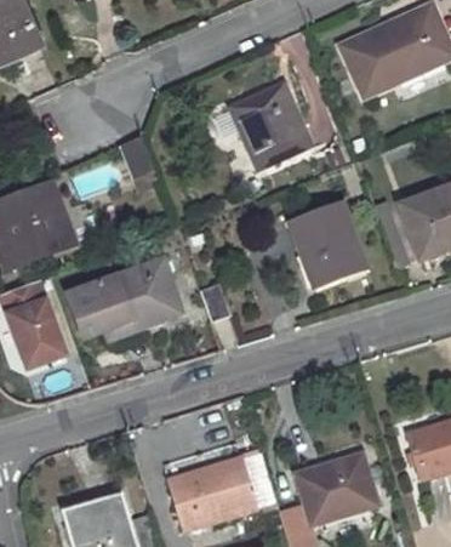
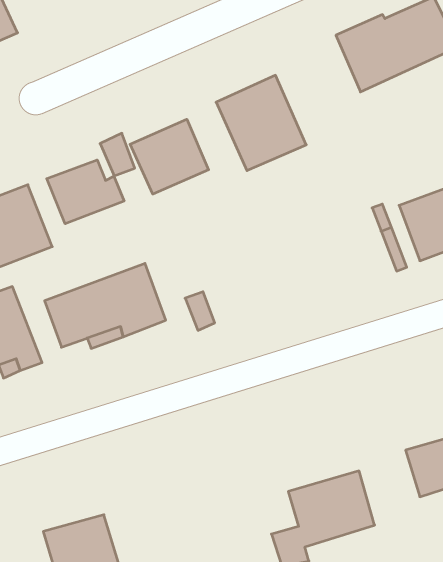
building: none -> [130,119,209,194]
building: none -> [47,160,124,224]
building: [291,201,366,285] -> none
building: [169,454,276,530] -> none

